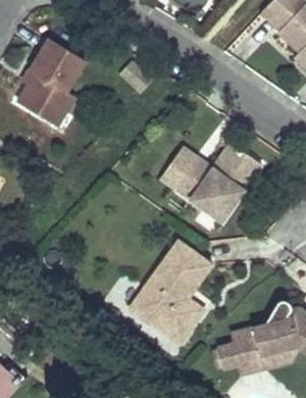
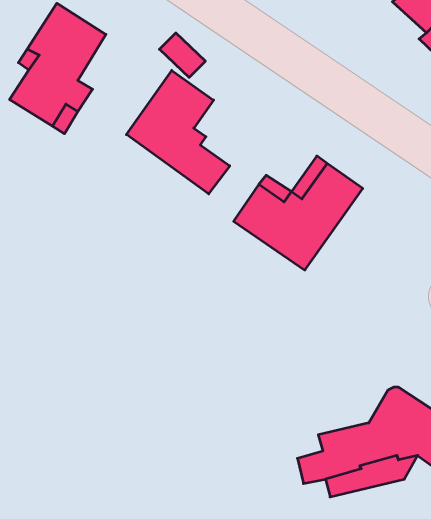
building: none -> [126,70,230,194]
building: [129,236,211,341] -> none

